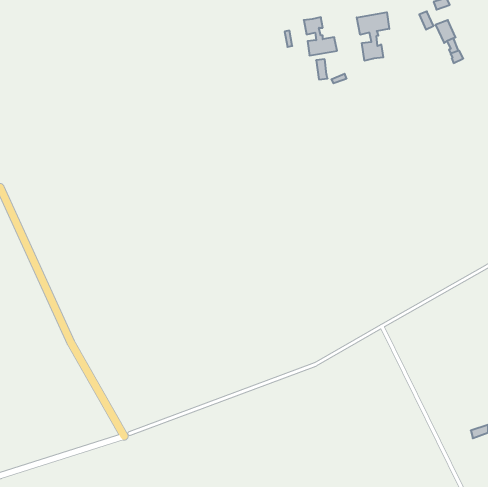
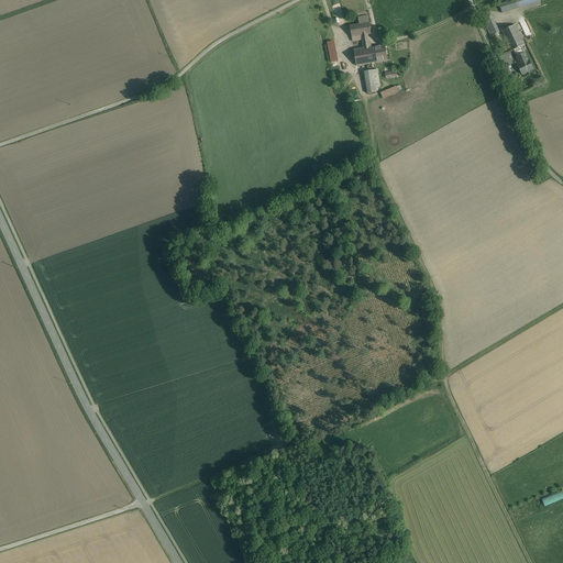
building: [357,12,389,61] -> none

